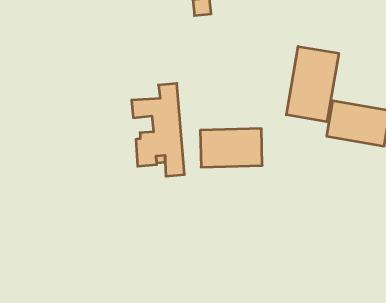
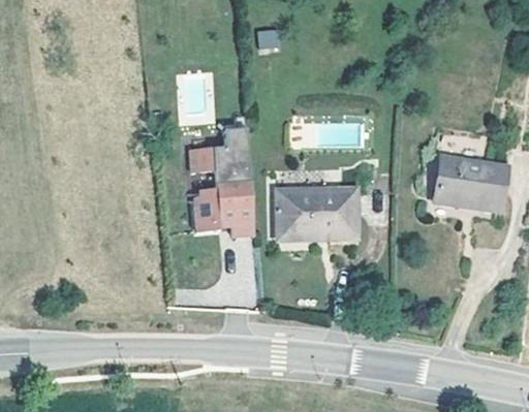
building: [286,46,339,122] -> none

